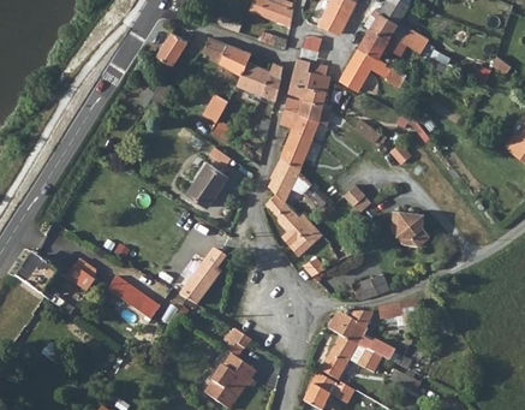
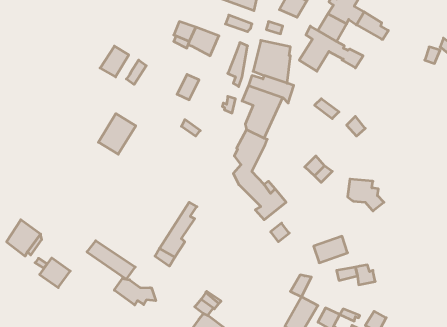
building: [154,31,185,65] -> [100,46,129,77]
building: [235,61,269,94] -> none
building: [183,158,223,202] -> [98,114,136,154]
building: [65,259,99,291] -> [40,258,70,288]
building: [340,311,374,347] -> none
building: none -> [114,278,156,305]

